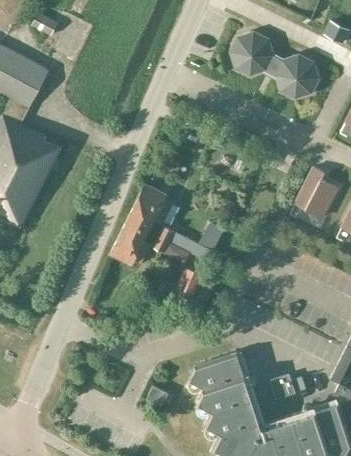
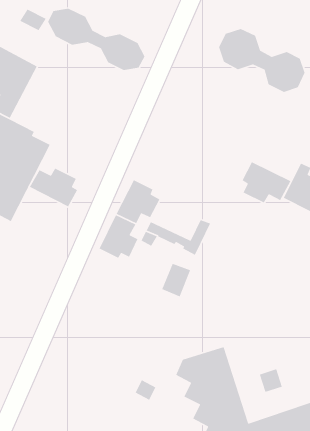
building: none -> [47,8,146,71]
building: none -> [241,161,291,204]
building: none -> [29,167,78,208]

